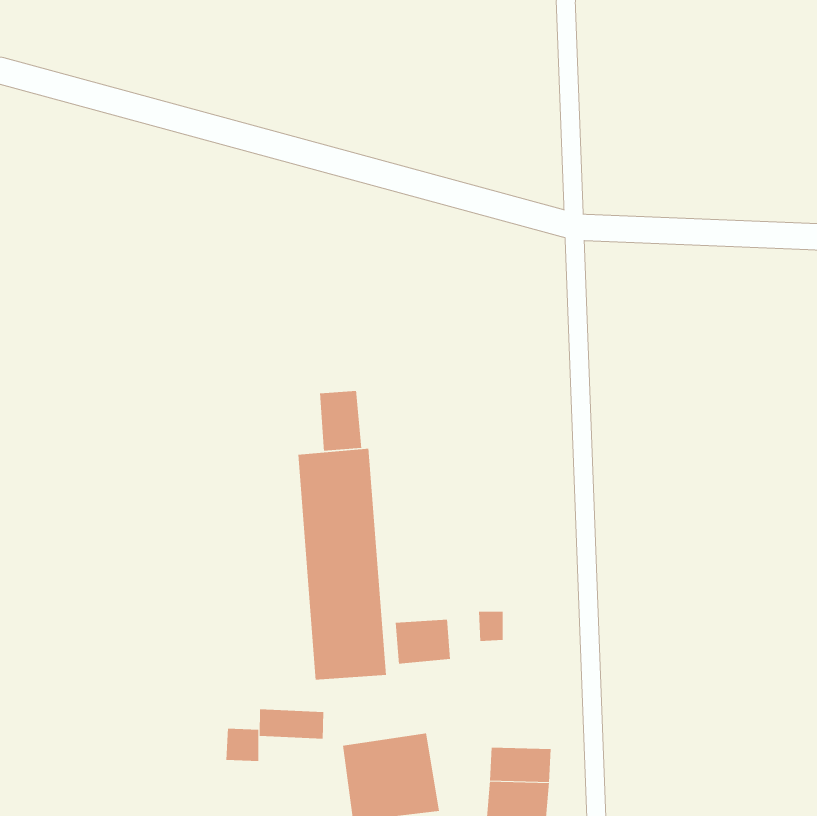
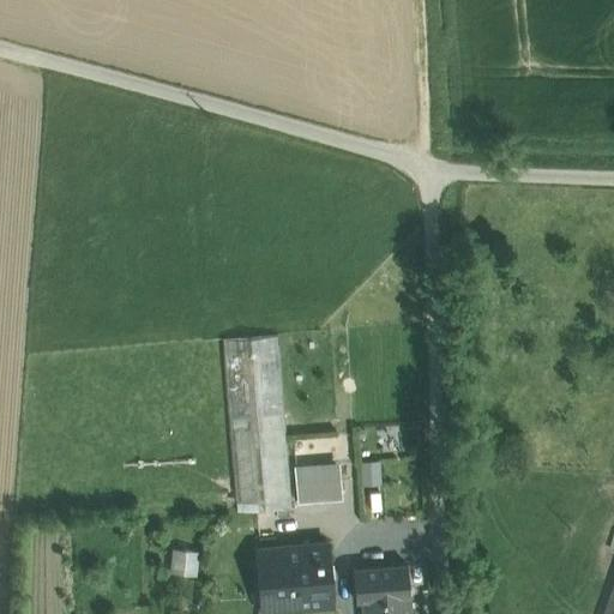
building: [320,390,362,452] -> none
building: [259,708,324,739] -> none

